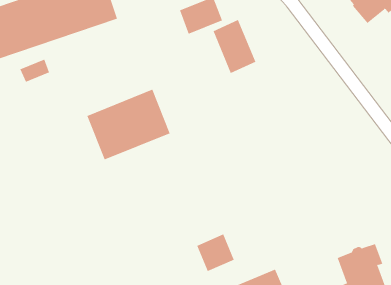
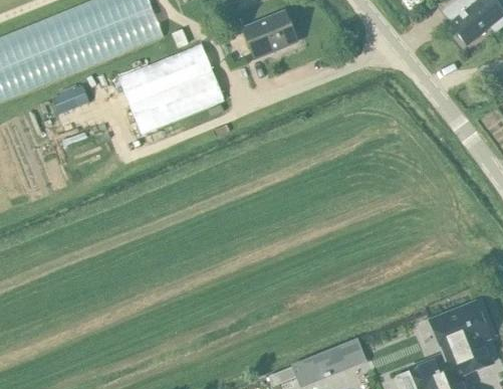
building: [213,19,256,74] -> none
building: [86,89,170,160] -> [120,45,221,131]
building: [196,234,234,272] -> none

